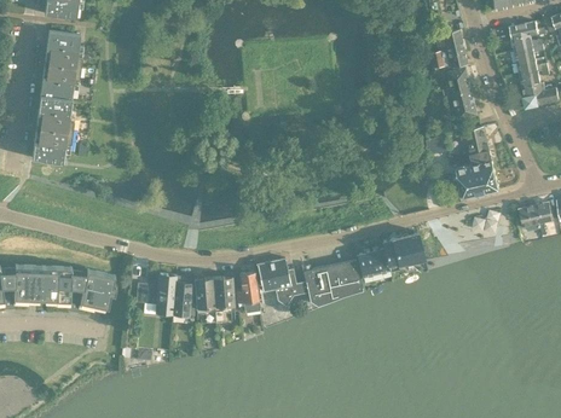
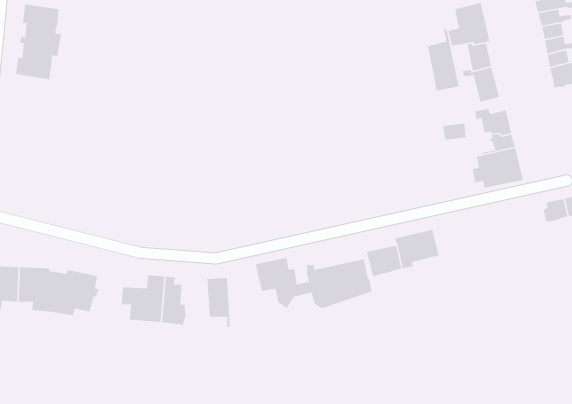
building: none -> [427,29,459,92]
building: [31,93,74,162] -> none
building: [235,271,260,310] -> none
building: [193,277,216,321] -> none

